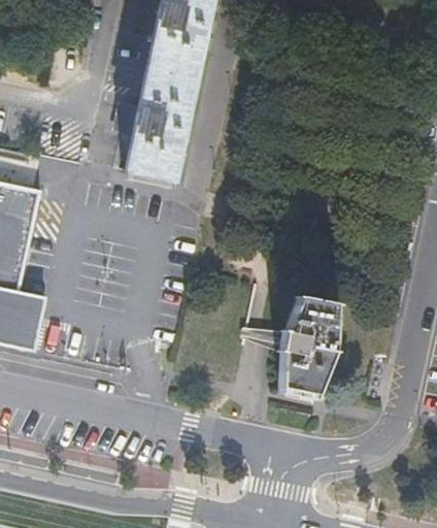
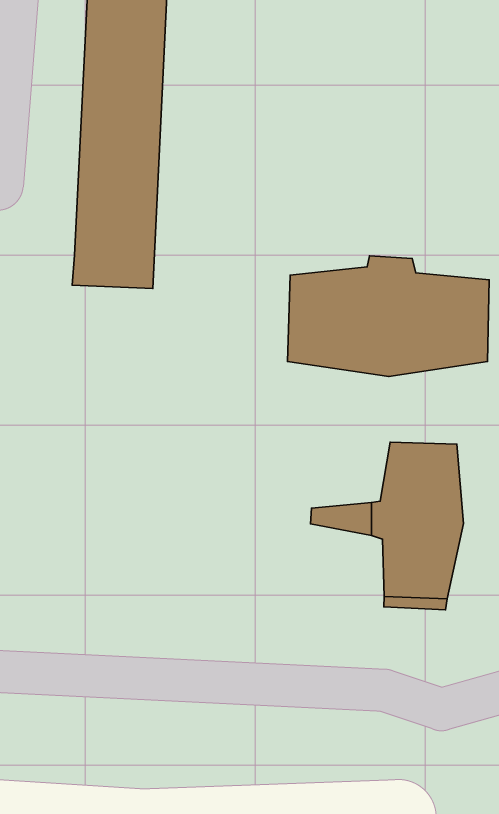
building: none -> [288,256,489,377]

